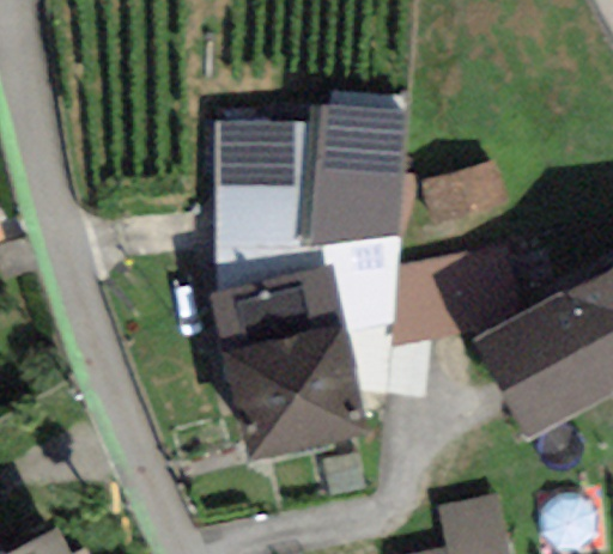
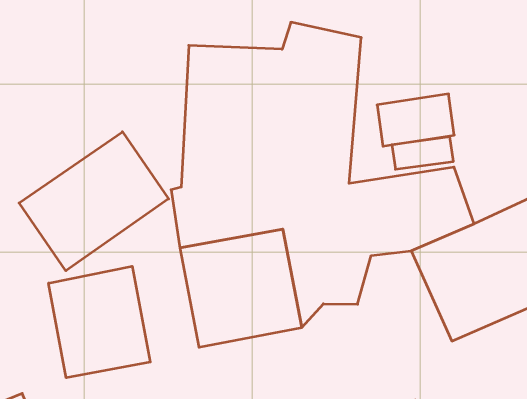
building: none -> [19,132,169,271]
building: none -> [49,266,150,378]

